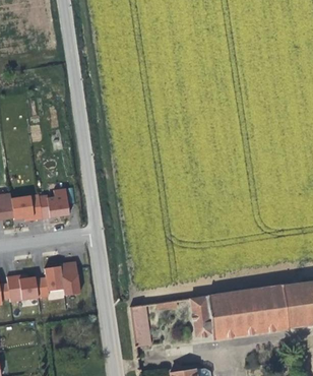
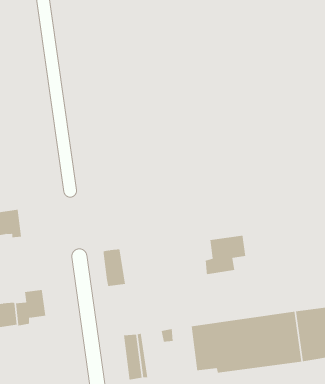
building: [38,189,68,220] -> none
building: none -> [205,235,246,275]
building: [59,262,79,296] -> [103,249,126,287]

